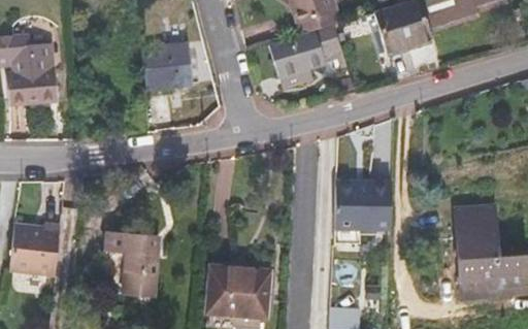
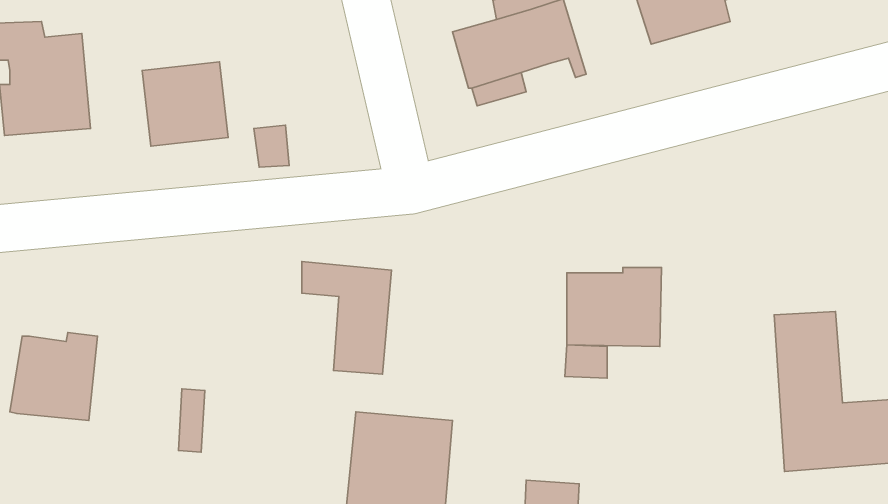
building: [142,40,193,90] -> [142,62,228,146]
building: [105,230,158,296] -> [302,261,391,374]

